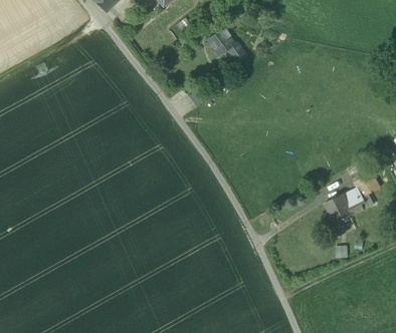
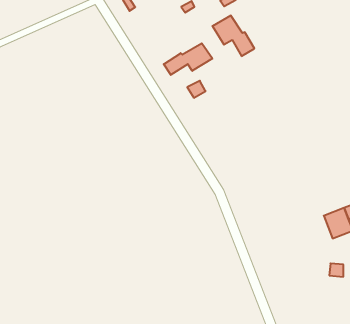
building: none -> [164,43,212,75]

